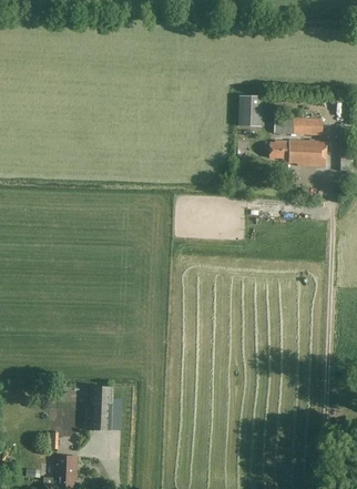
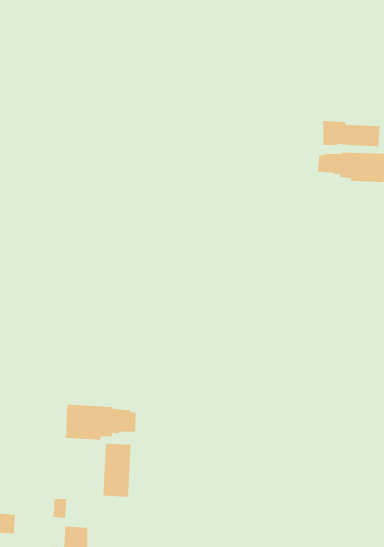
building: [238,96,261,126] -> none
building: none -> [65,404,136,440]

